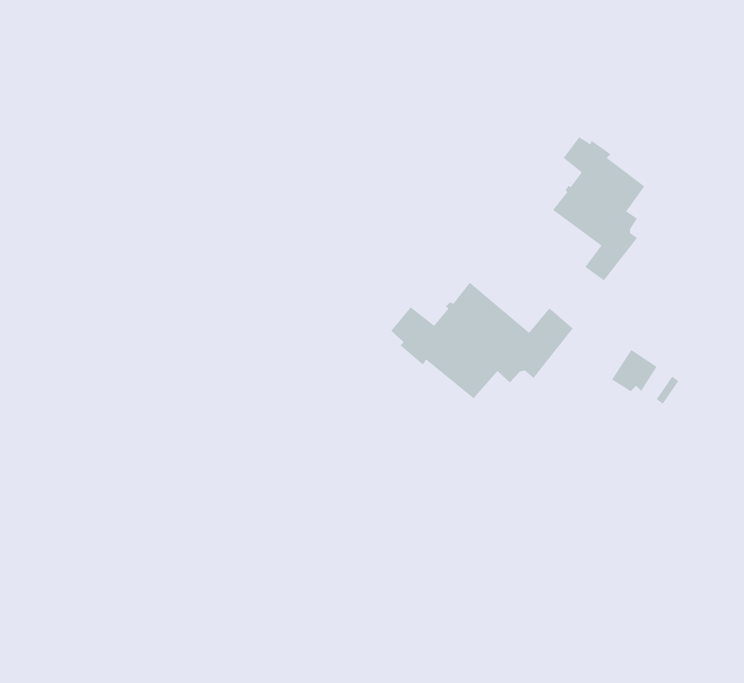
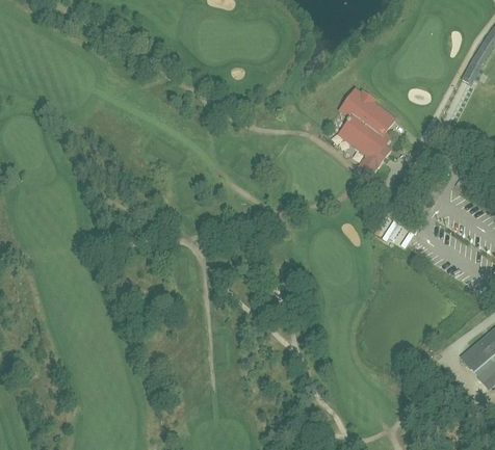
building: [390,282,574,399] -> none

